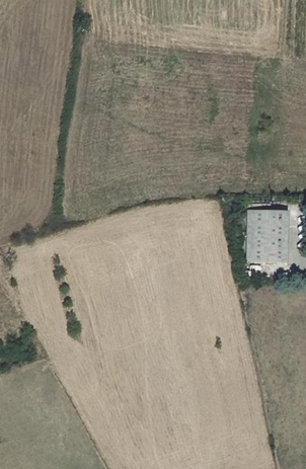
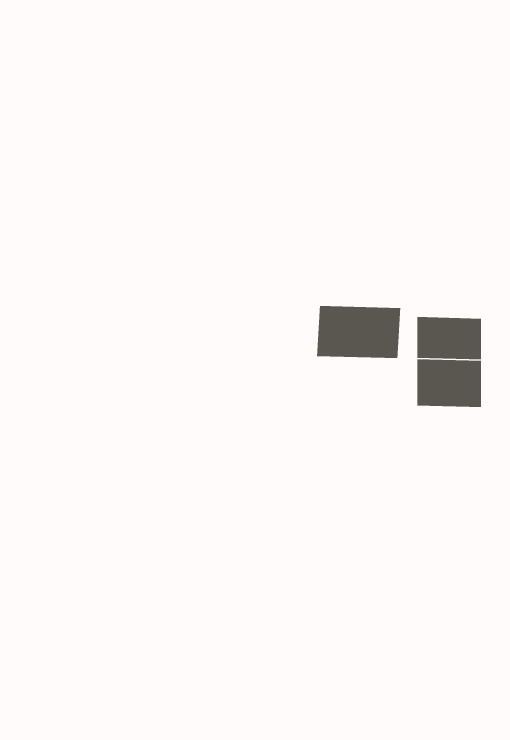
building: none -> [316,305,401,359]

